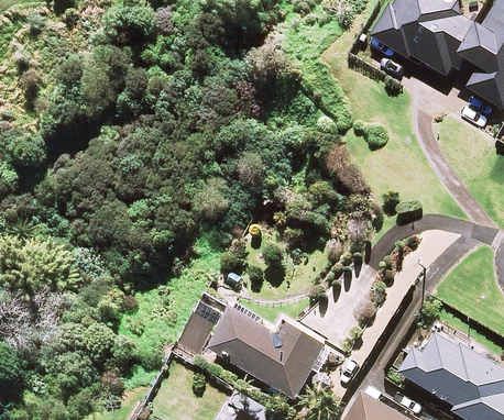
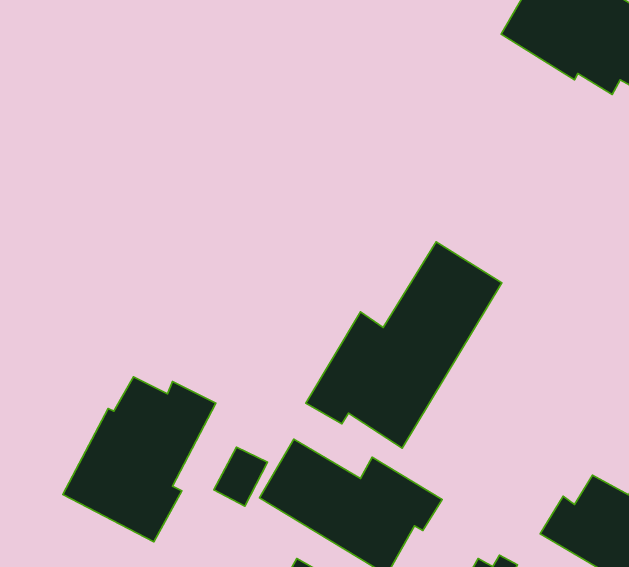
building: none -> [306,242,502,448]
building: none -> [63,377,216,542]

